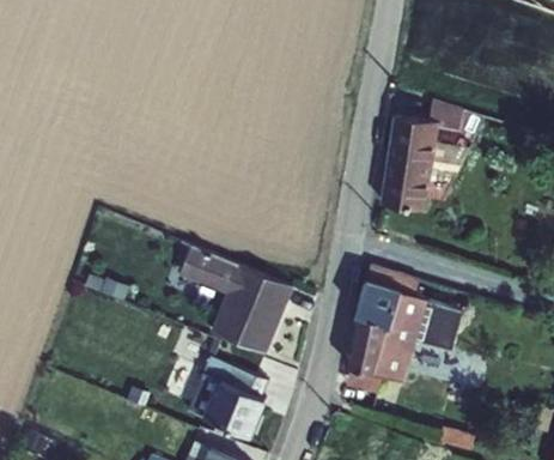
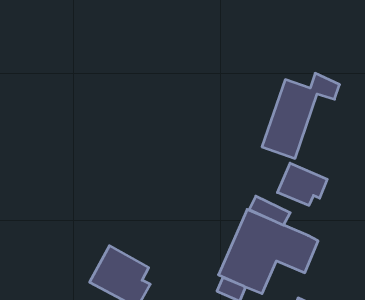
building: none -> [277,163,327,205]
building: [173,242,284,356] -> none

